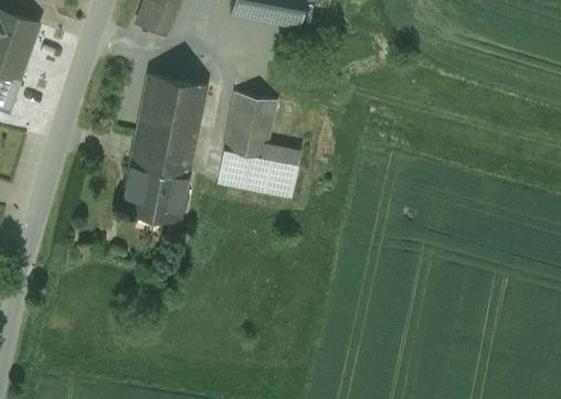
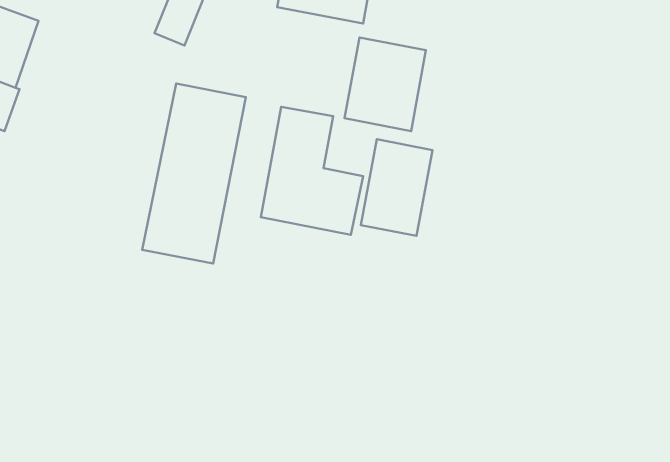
building: none -> [344,37,426,131]
building: none -> [361,139,432,236]

